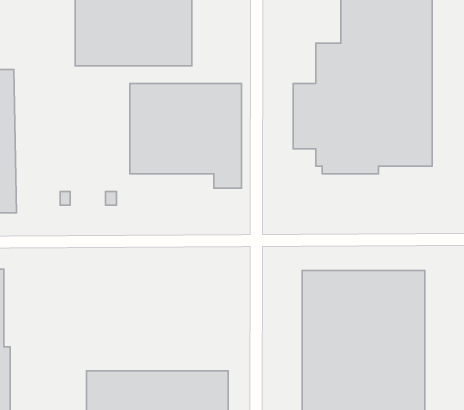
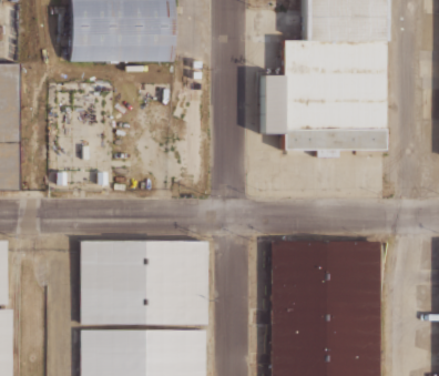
building: [130,83,242,188] -> none
building: none -> [80,241,207,324]

